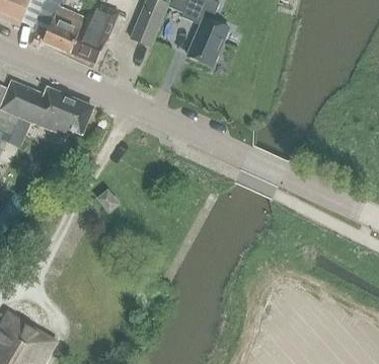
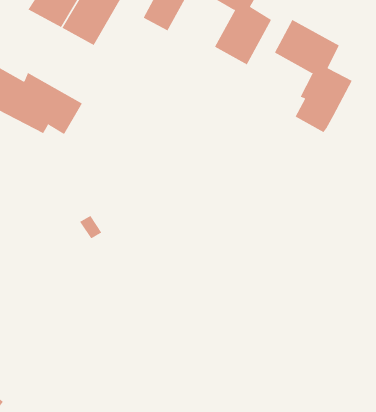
building: none -> [274,19,352,133]

